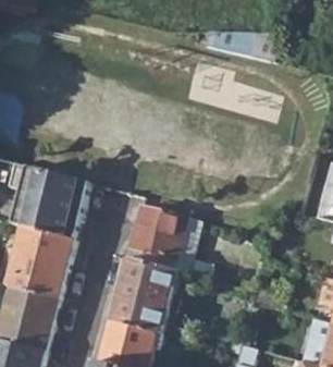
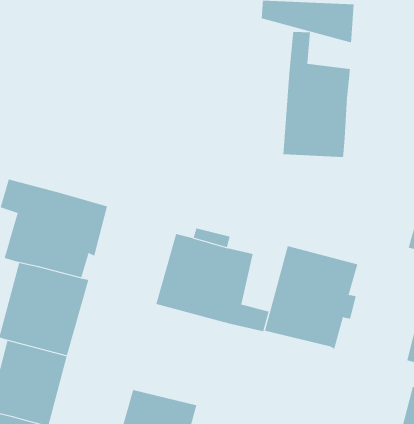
building: none -> [283,31,351,158]
building: [108,257,178,335] -> [264,246,358,349]

